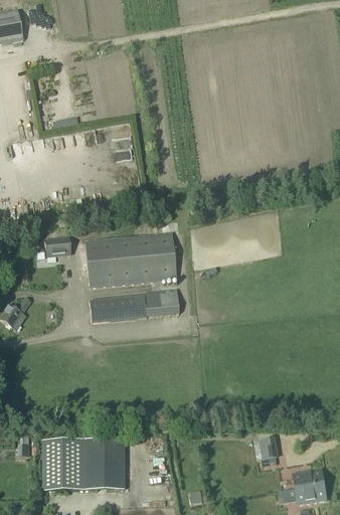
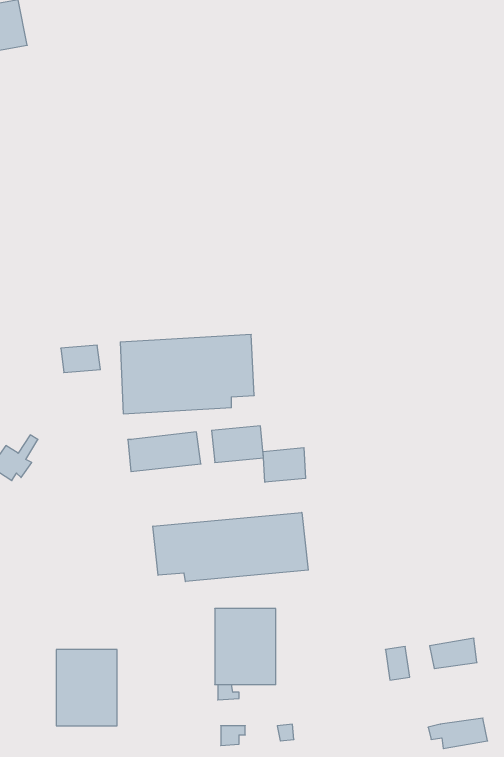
building: none -> [263,448,306,482]
building: none -> [153,512,308,582]
building: [83,440,124,490] -> [215,609,276,685]
building: [294,469,325,489] -> [430,638,477,669]

